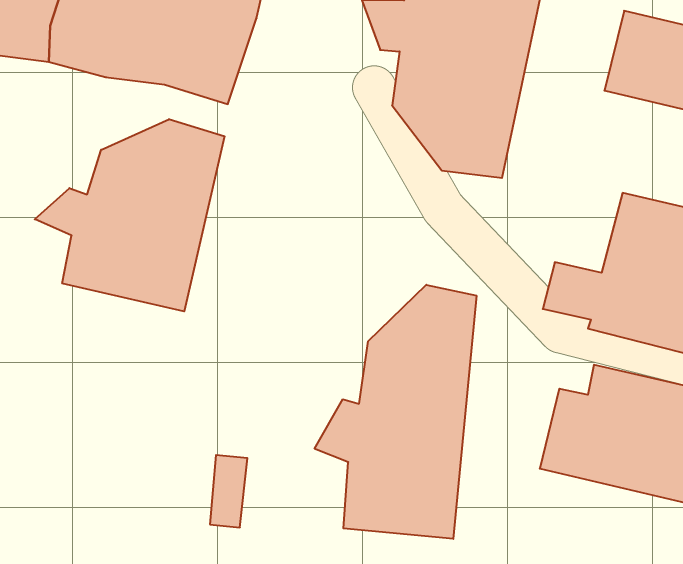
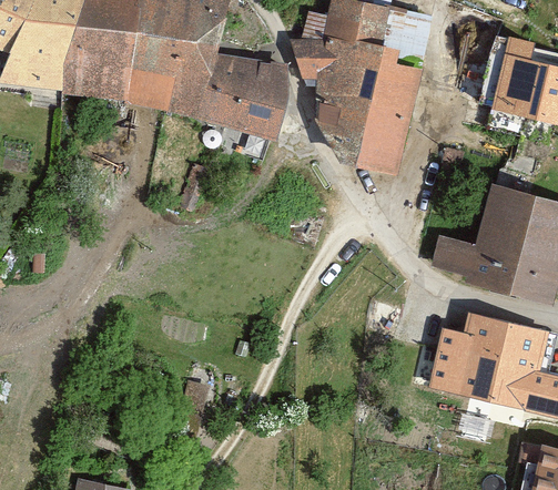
building: none -> [196,54,286,137]
building: [35,119,225,311] -> none
building: [315,285,476,539] -> none

